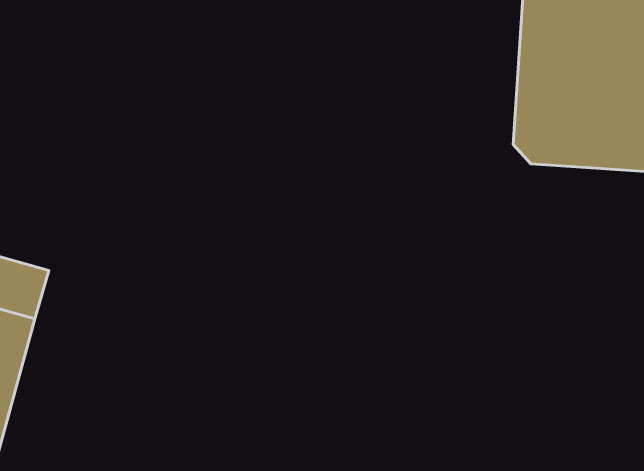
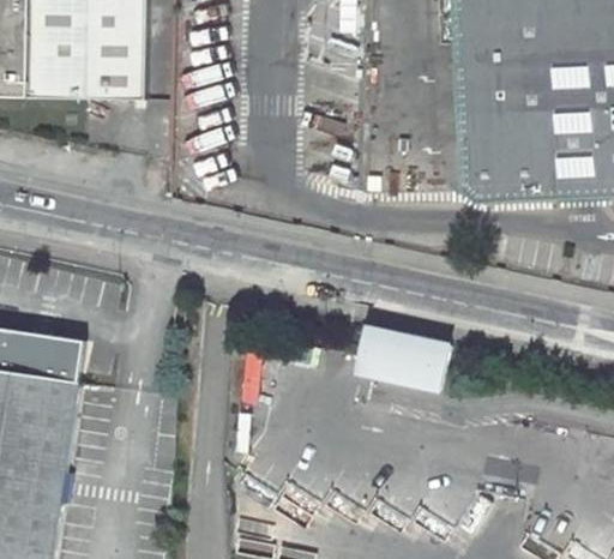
building: none -> [357,325,449,390]

